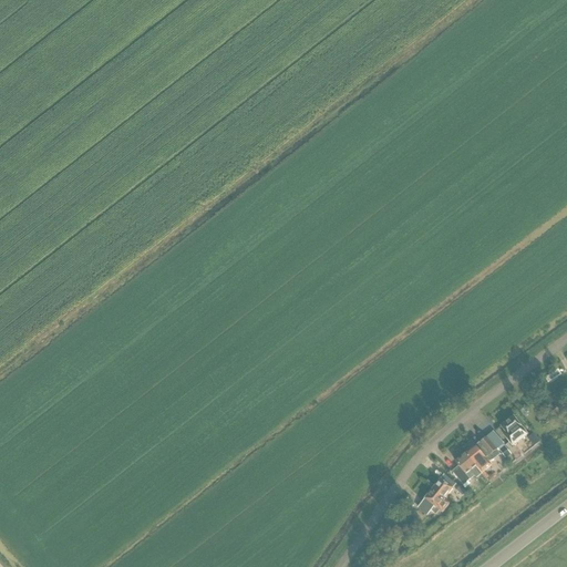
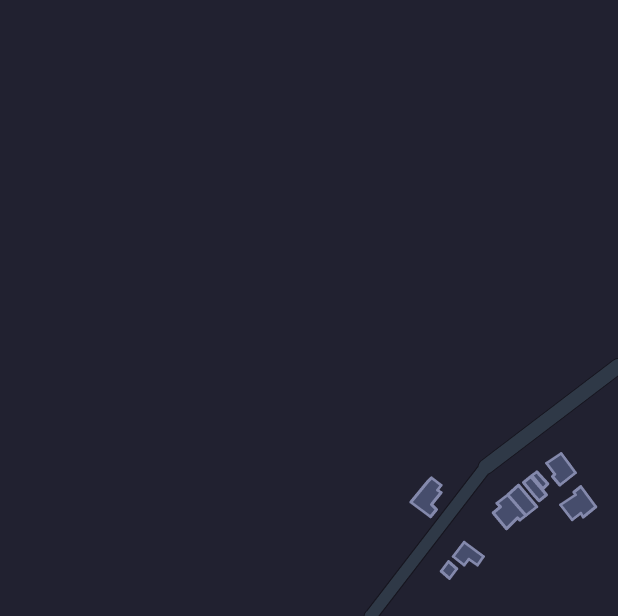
building: none -> [560,486,596,520]
building: [424,473,452,508] -> [411,478,441,517]

